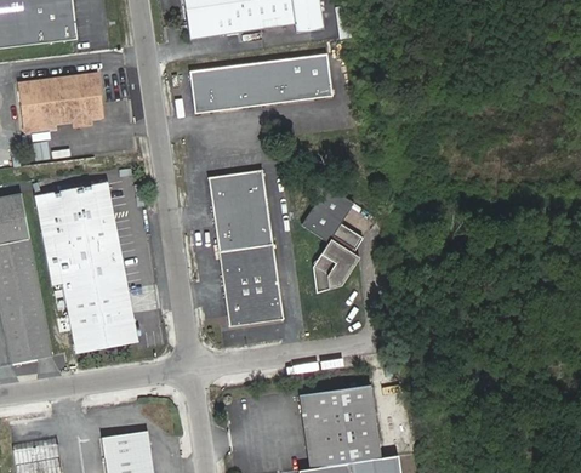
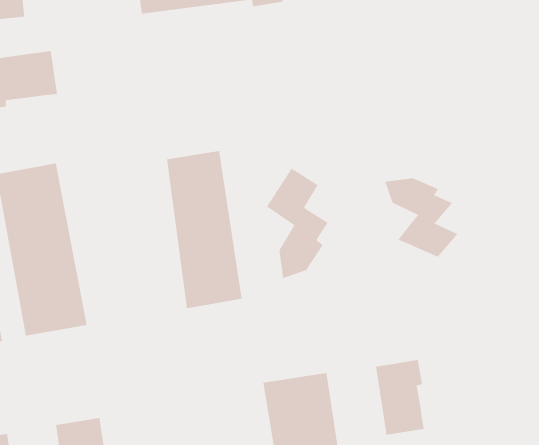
building: [189,53,332,113] -> none
building: none -> [384,177,458,257]
building: none -> [376,359,425,435]

